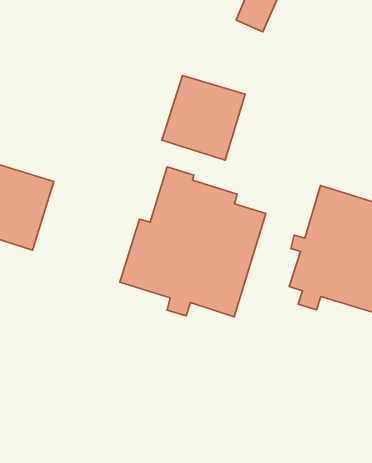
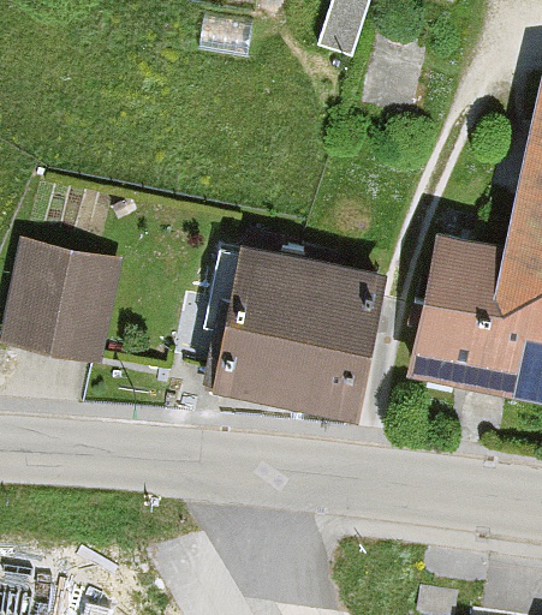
building: [162,76,245,160] -> none

